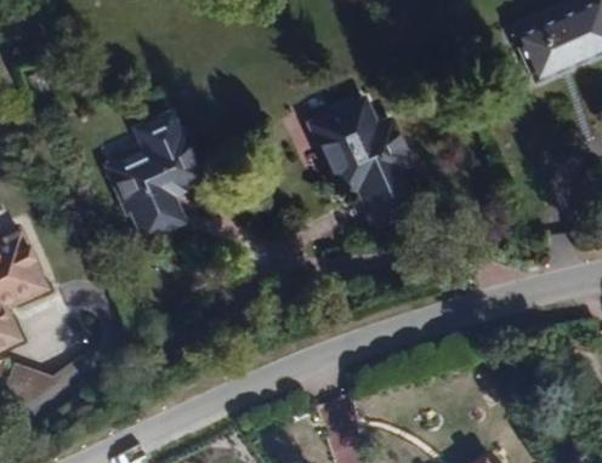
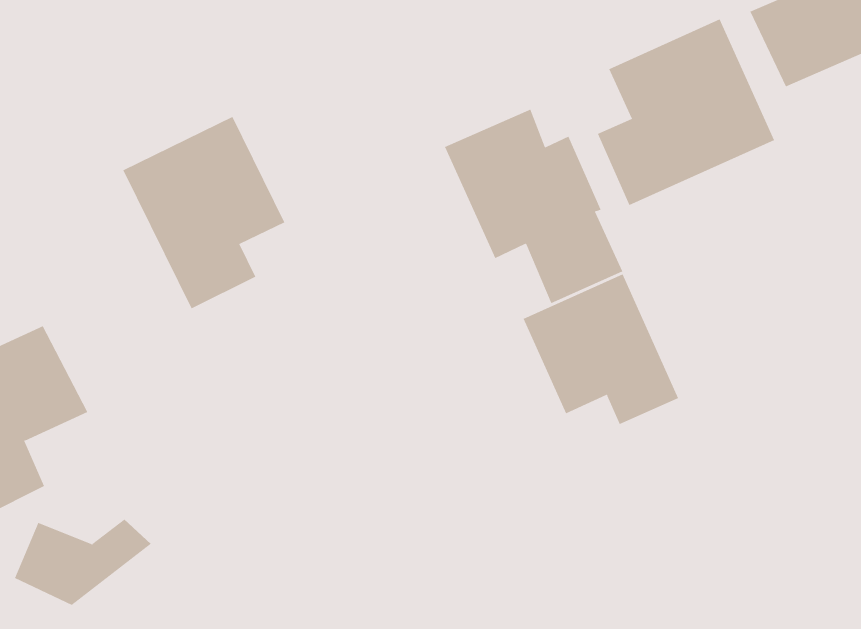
building: none -> [597,19,775,206]
building: none -> [523,273,679,425]

